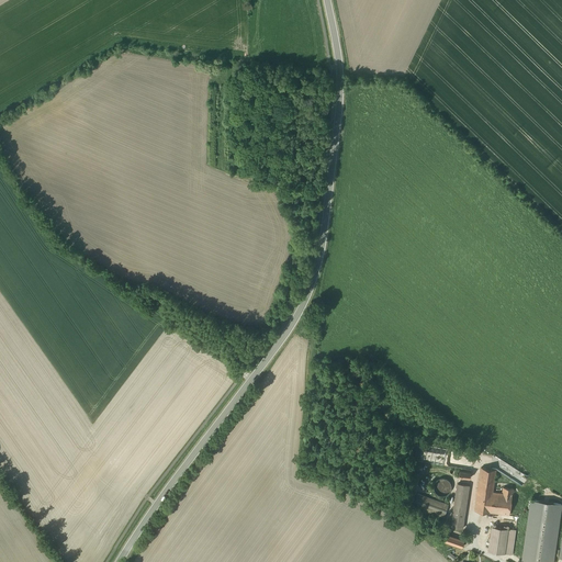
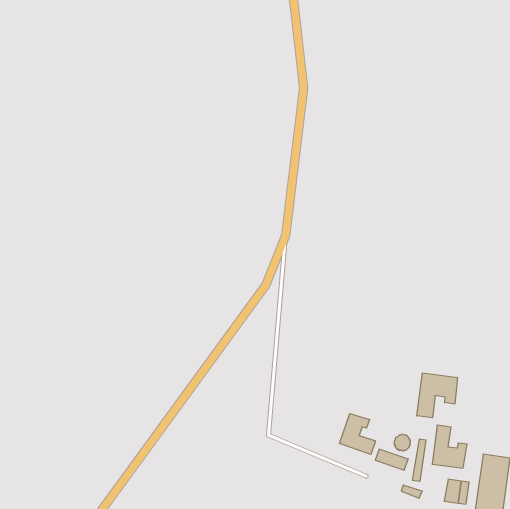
building: none -> [417,373,457,418]
building: none -> [339,414,375,454]

